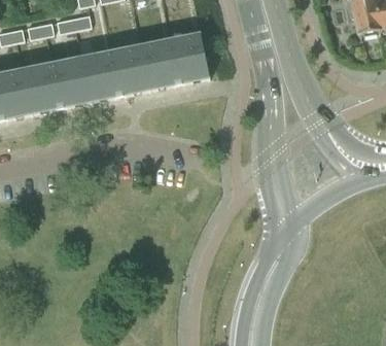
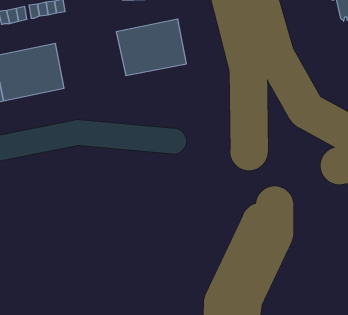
building: [81,46,149,101] -> none

